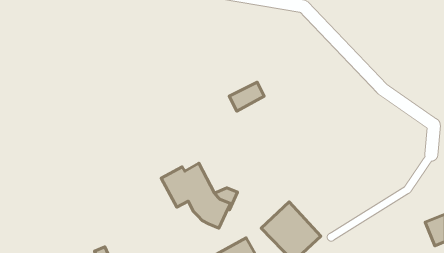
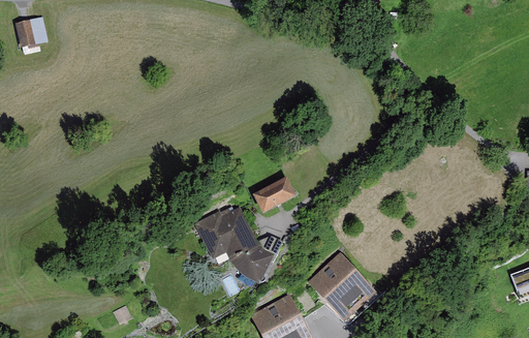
building: none -> [15,19,42,53]
building: [229,82,264,111] -> [250,179,291,213]

